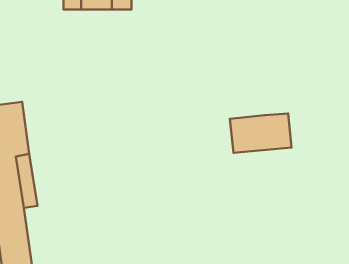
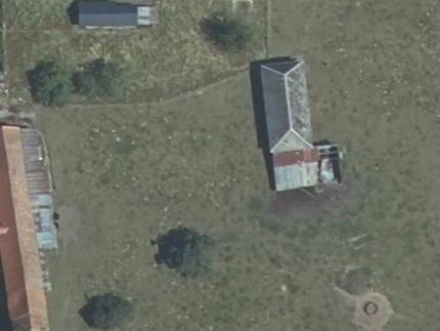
building: none -> [262,61,310,149]

